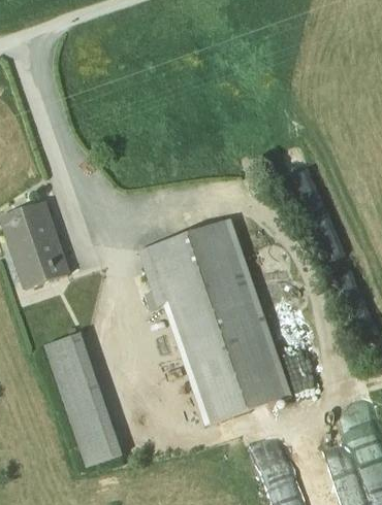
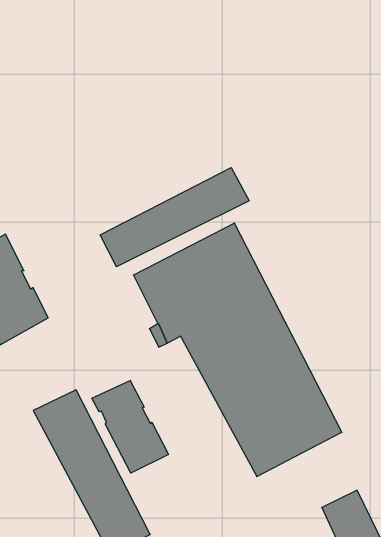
building: none -> [100,168,249,267]
building: none -> [92,380,168,473]

